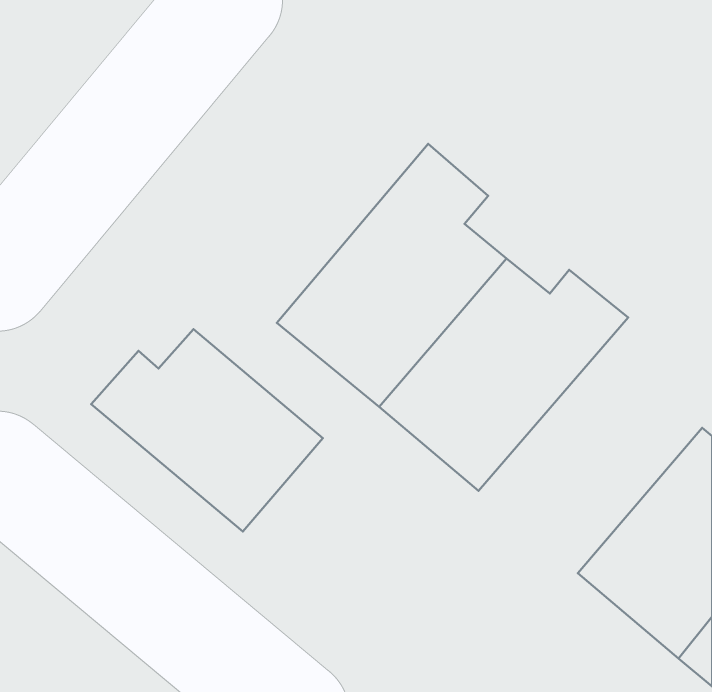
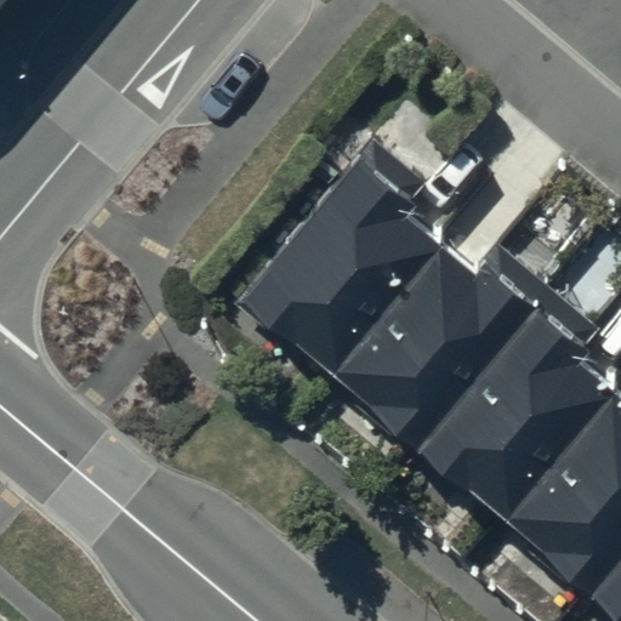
building: none -> [415,295,609,517]
building: [91,329,323,531] -> none

